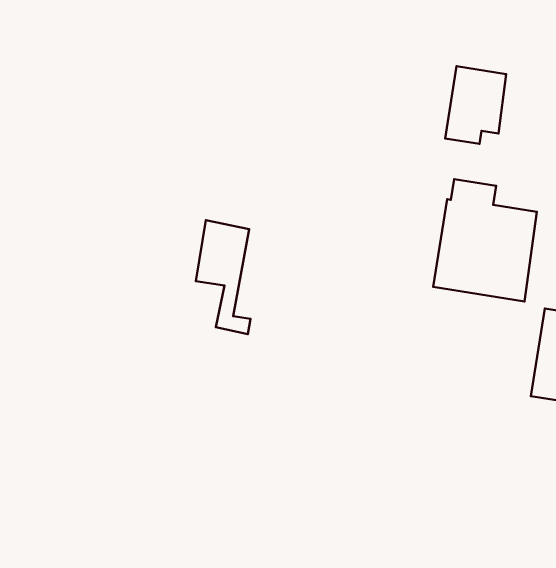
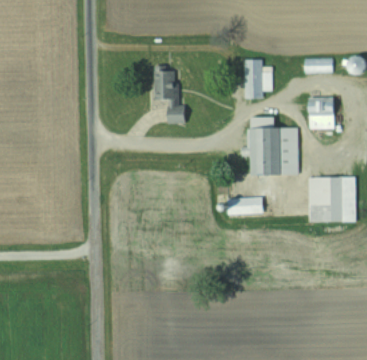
building: [196,220,250,334] -> [154,68,185,123]
building: none -> [227,198,262,213]

